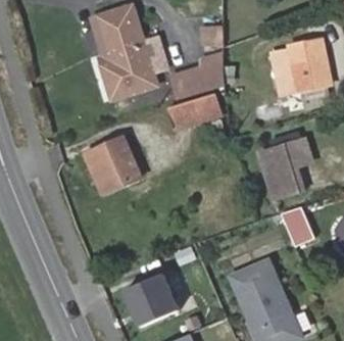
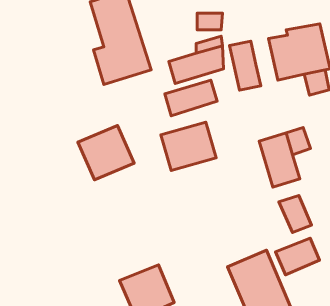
building: none -> [230,41,261,90]
building: none -> [161,122,216,170]
building: none -> [276,238,320,275]

